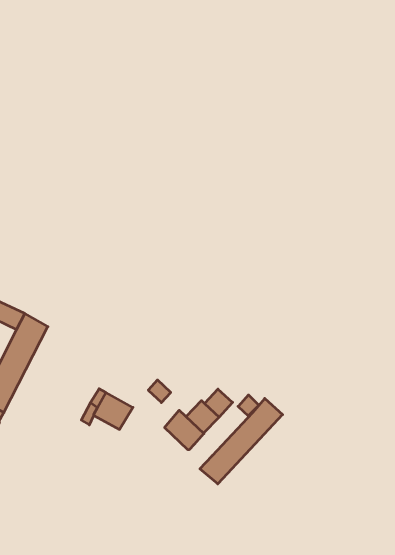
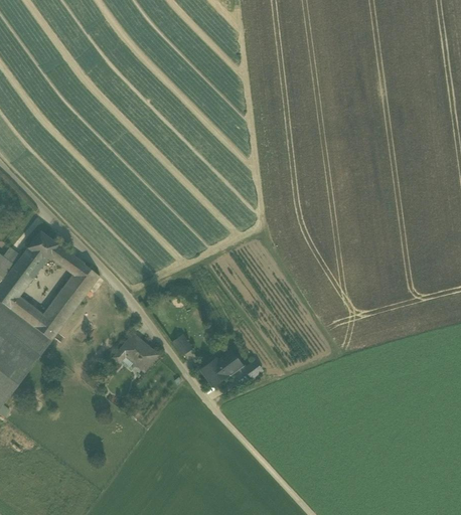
building: [200,398,283,484] -> none
building: [165,410,204,450] -> none

